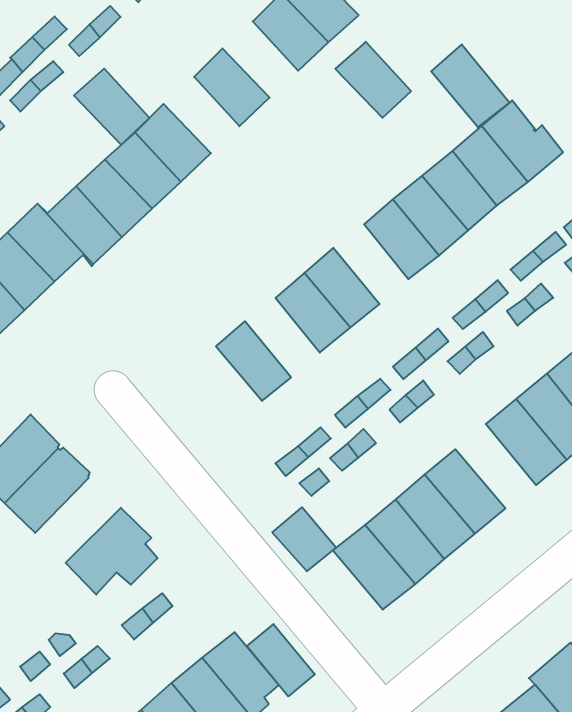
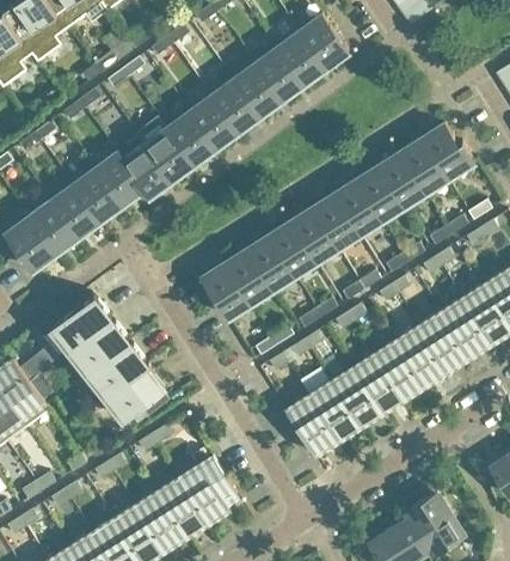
building: [335,42,411,118] -> [253,48,302,100]
building: [431,44,510,127] -> none
building: [74,69,150,145] -> [209,80,258,133]
building: none -> [311,194,358,249]
building: none -> [245,236,293,291]
building: none -> [201,263,250,318]
building: none -> [375,339,426,397]
building: none -> [86,341,148,396]
building: [272,507,336,571] -> none
building: [247,624,315,696] -> none

